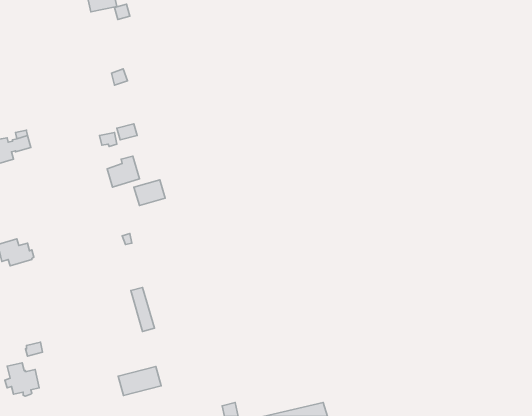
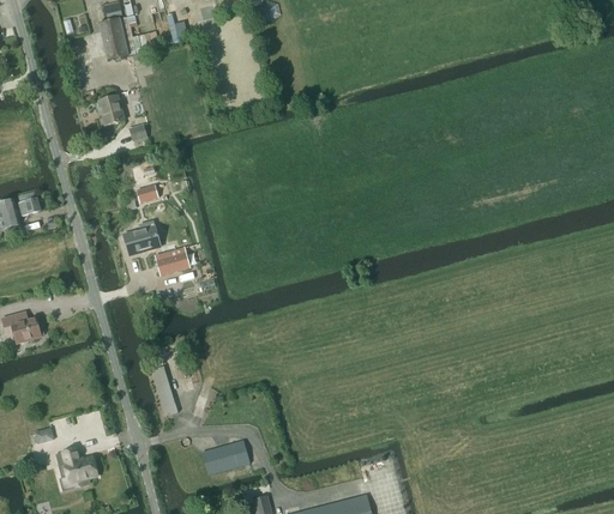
building: none -> [98,95,124,125]
building: [5,363,39,396] -> [59,448,97,485]
building: [118,367,161,396] -> [201,441,249,473]

